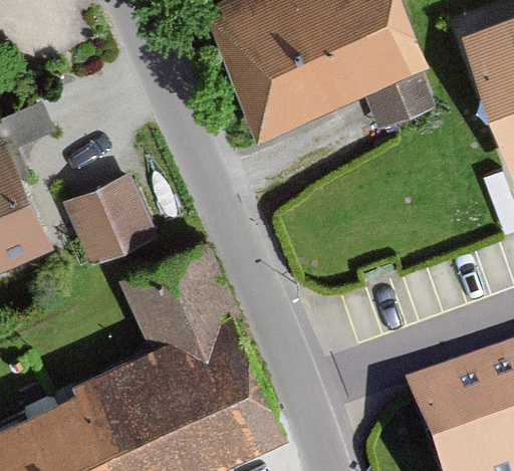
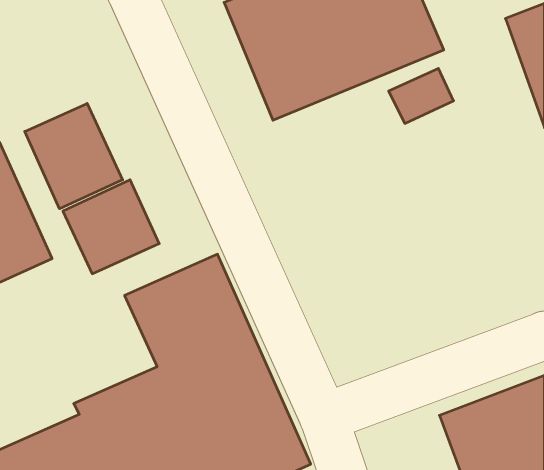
building: none -> [25,103,123,209]

